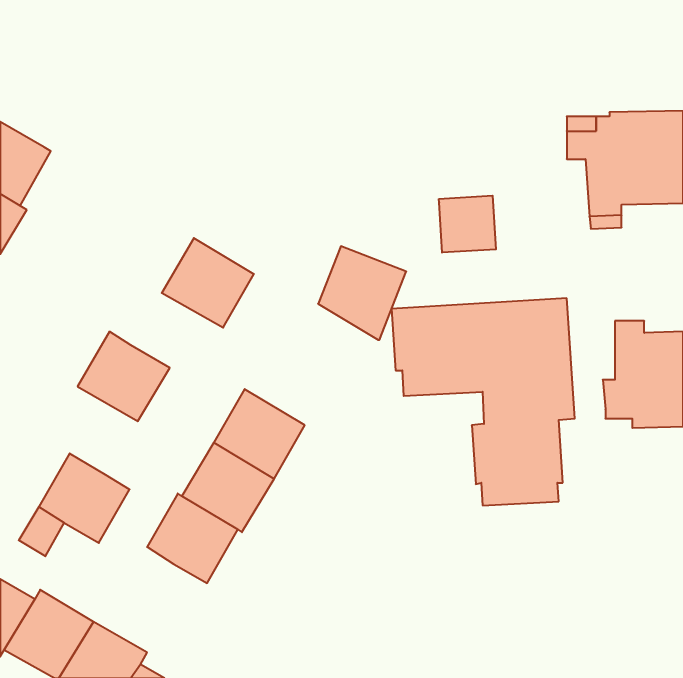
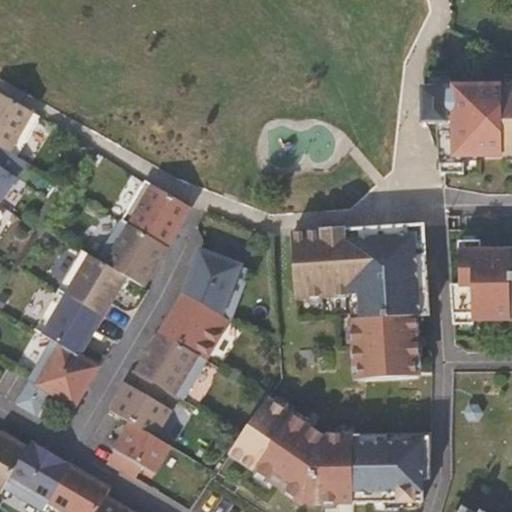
building: [439,196,496,253] -> none
building: [318,246,406,340] -> [183,248,249,318]
building: none -> [98,219,167,284]
building: none -> [34,289,103,355]
building: none -> [230,396,433,502]
building: none -> [107,422,170,478]

